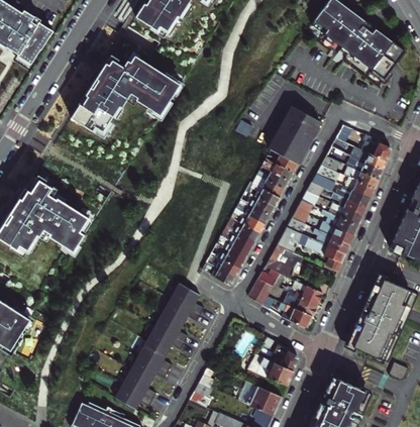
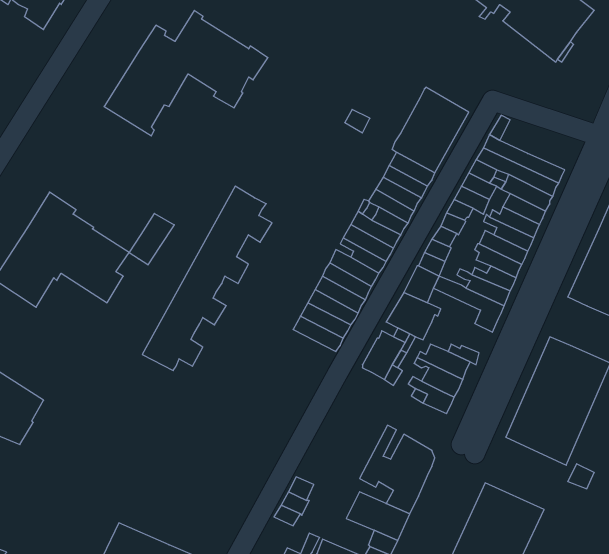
building: [361,134,392,162] -> none
building: none -> [129,213,174,265]
building: [114,283,203,409] -> [142,186,272,371]

